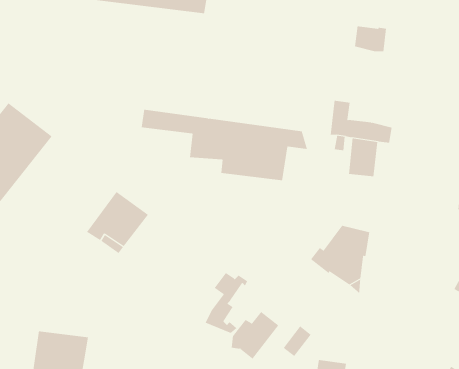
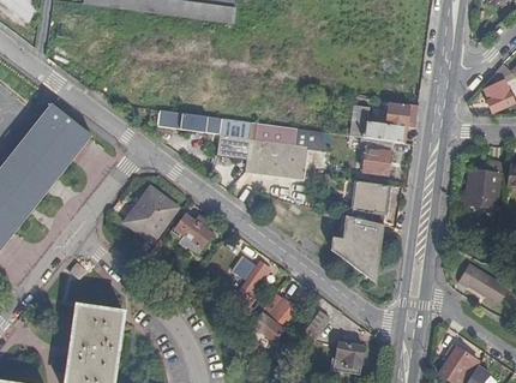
building: [354,26,387,52] -> [385,102,415,126]
building: none -> [349,179,388,222]
building: none -> [173,213,215,252]

